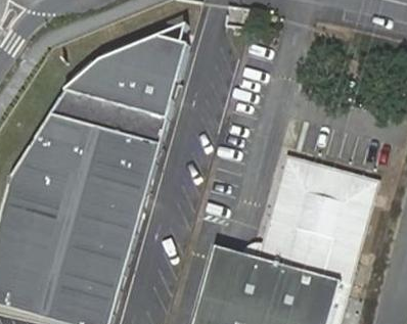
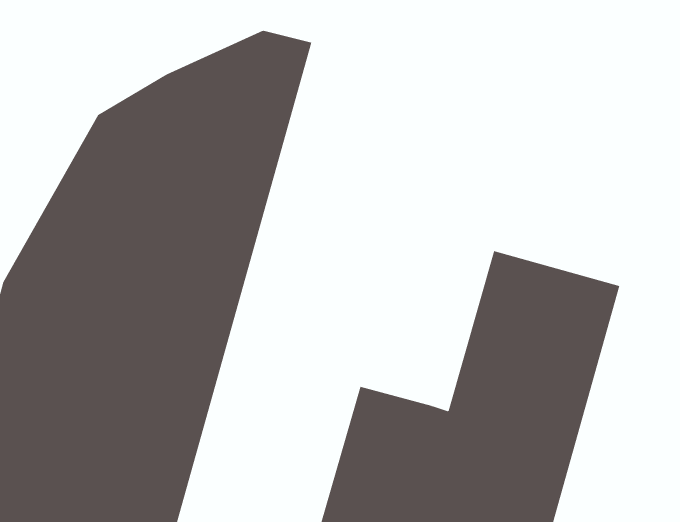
building: [258,151,370,258] -> none

